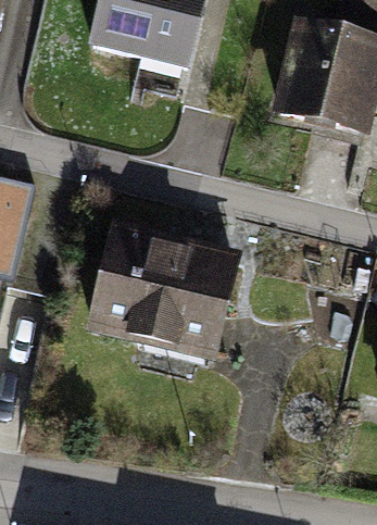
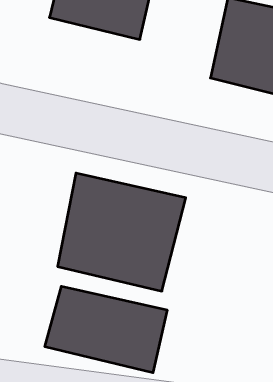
building: none -> [45,286,167,373]

